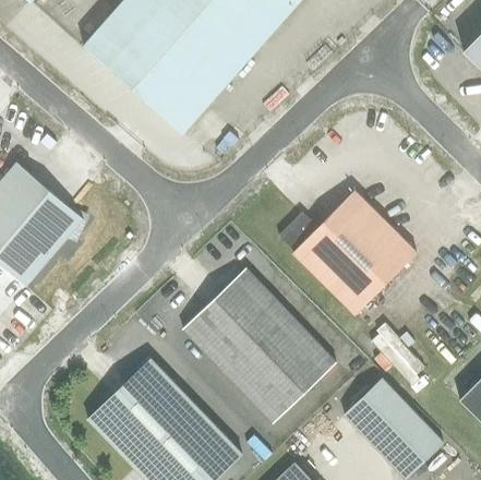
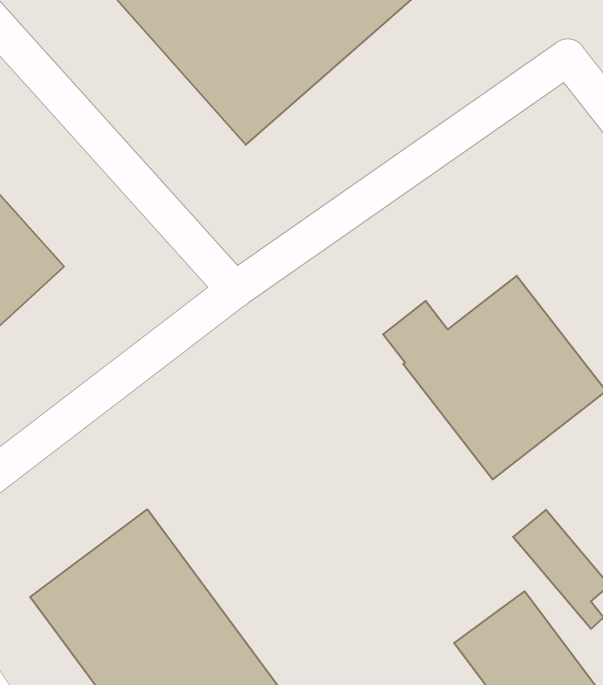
building: [183,267,337,423] -> none

